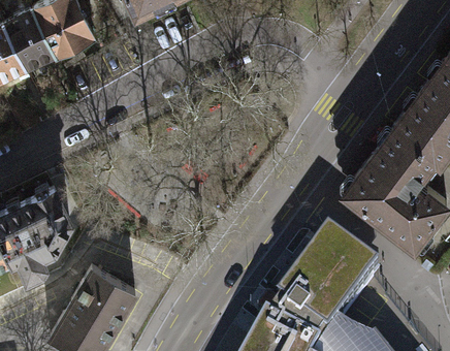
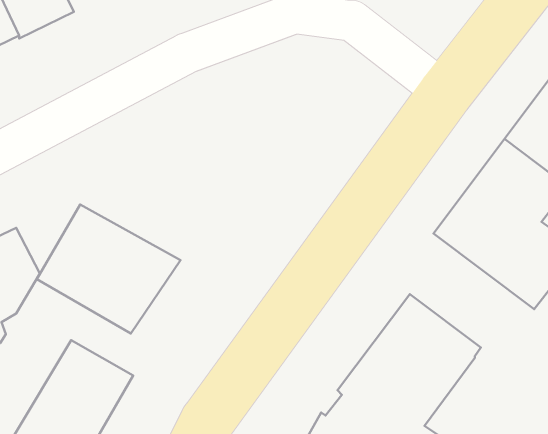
building: none -> [37,205,180,333]

